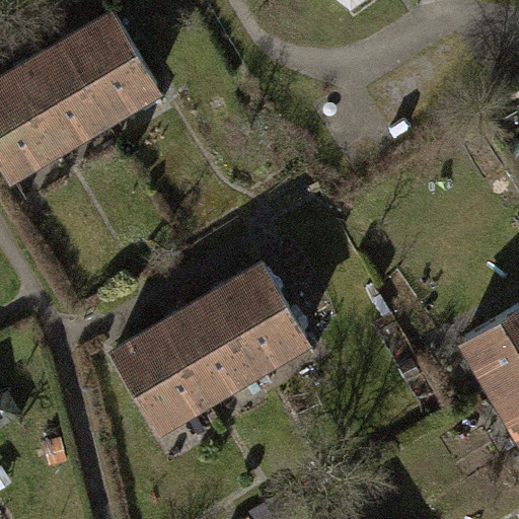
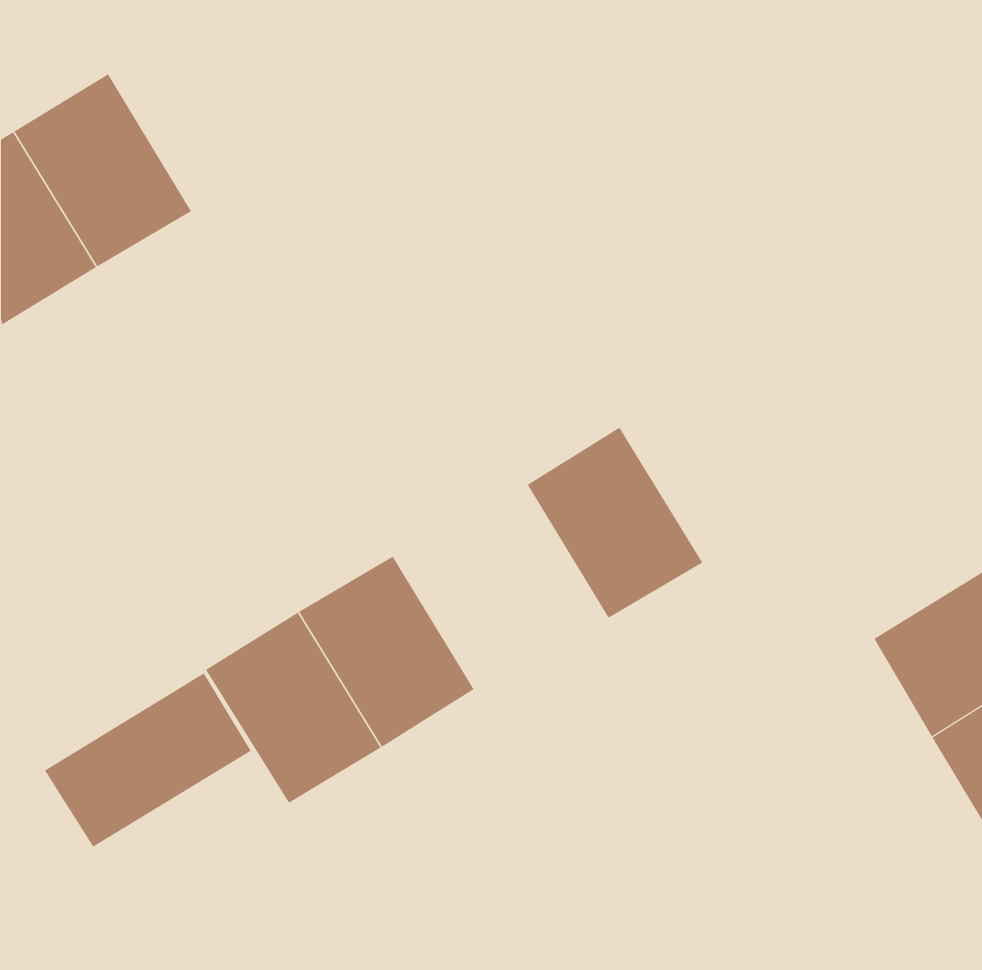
building: [61,19,154,121] -> none
building: [210,271,302,371] -> [527,427,703,619]
building: none -> [44,672,252,848]

